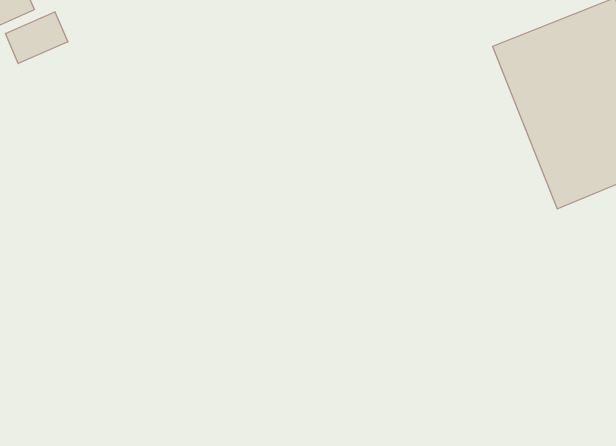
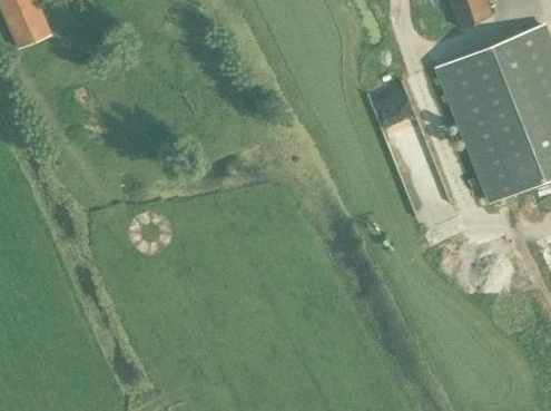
building: [5,12,68,64] -> none

